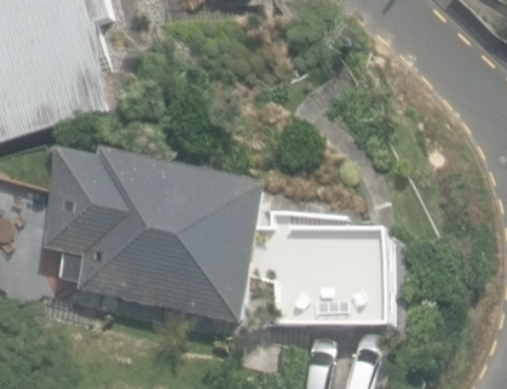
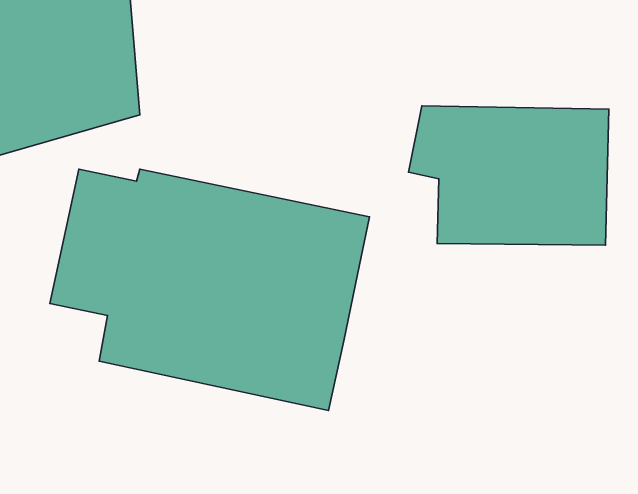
building: [252,222,394,321] -> [408,106,609,245]

